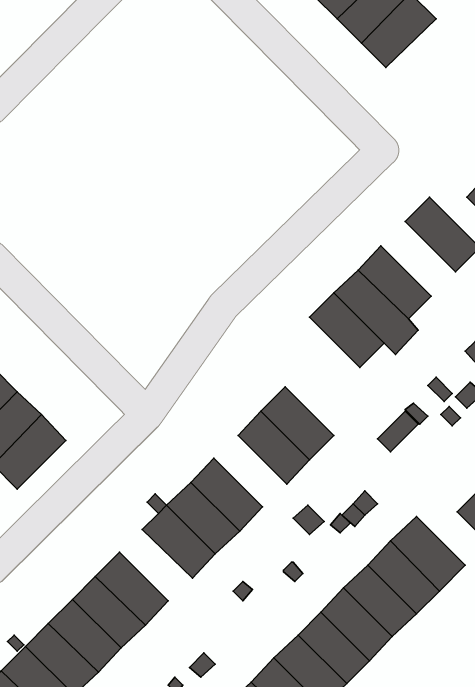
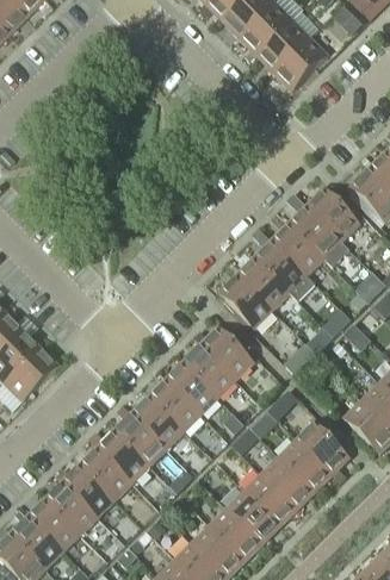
building: none -> [287,204,349,264]
building: none -> [218,274,272,328]
building: none -> [165,361,218,413]
building: none -> [95,430,149,482]

